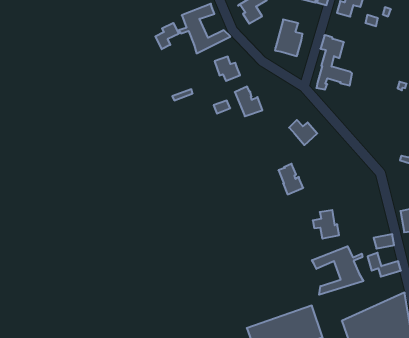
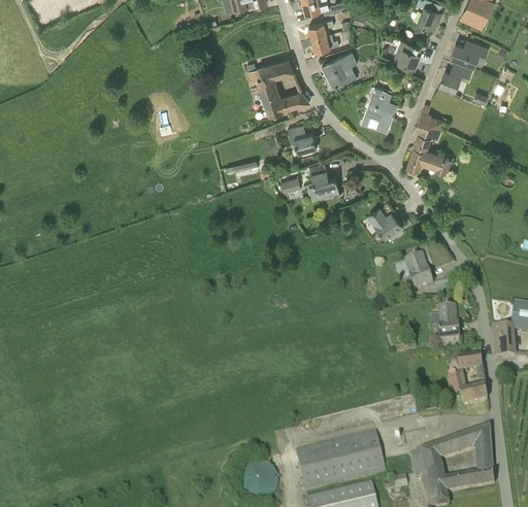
building: [155,23,179,49] -> none
building: [278,164,303,194] -> [405,252,433,289]
building: [313,210,339,239] -> [430,305,460,338]
building: [312,246,363,295] -> none

